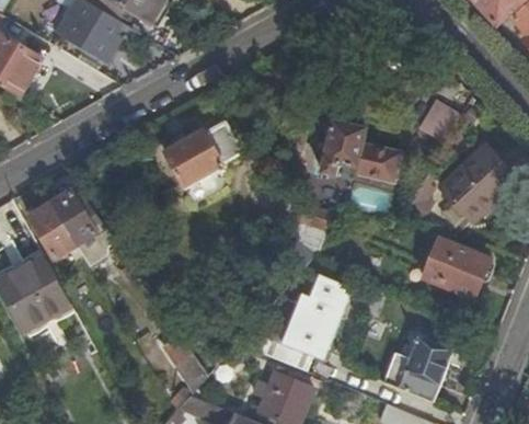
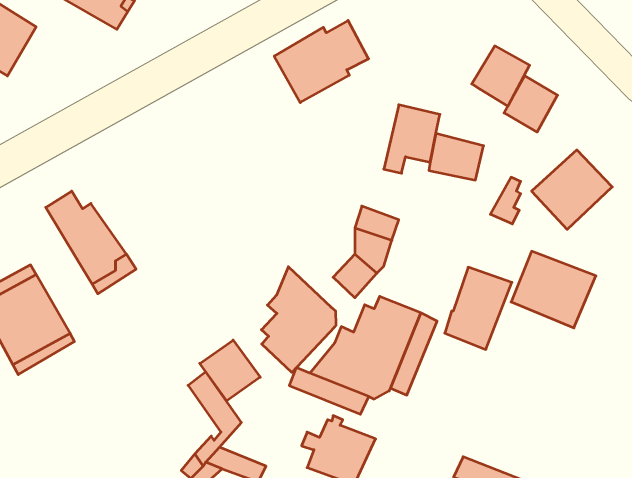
building: none -> [472,46,530,106]
building: [163,122,239,187] -> [274,20,369,103]
building: [28,203,74,259] -> none
building: none -> [261,267,336,372]
building: none -> [200,340,260,401]
building: [399,336,452,402] -> [445,267,512,349]

